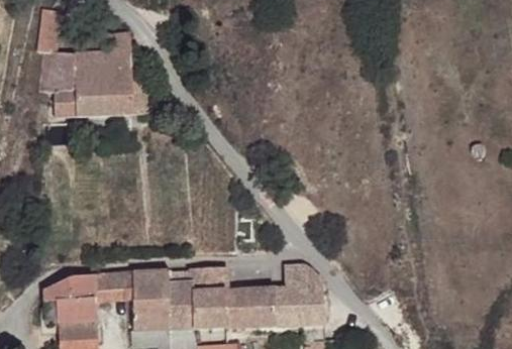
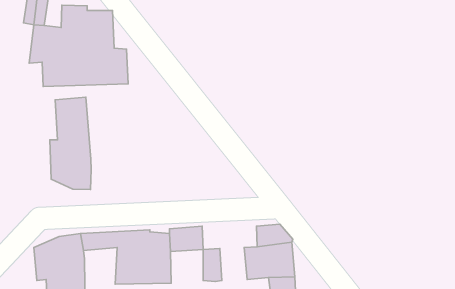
building: none -> [50,97,91,190]
building: [245,292,275,327] -> none
building: [192,294,227,330] -> none

